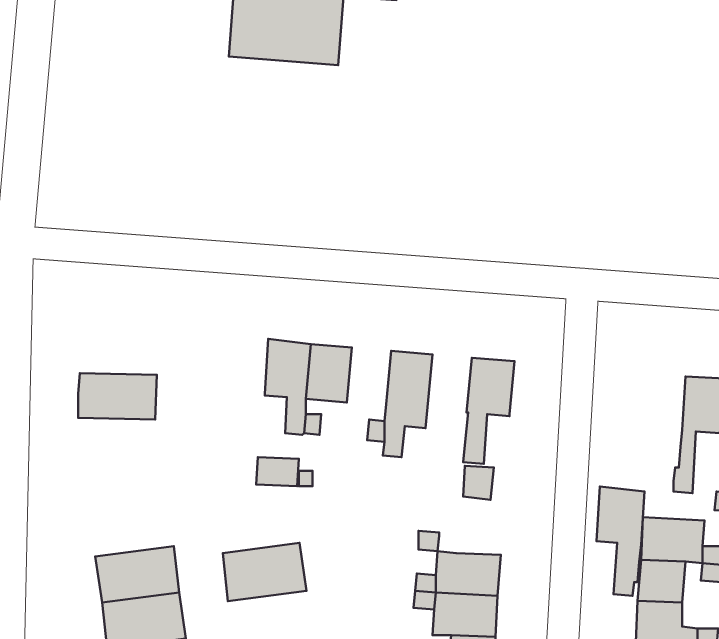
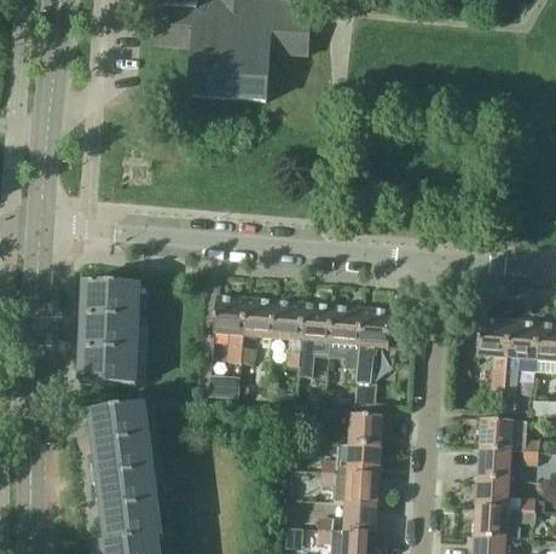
building: none -> [83,283,139,319]
building: none -> [272,300,303,340]
building: none -> [328,305,360,369]
building: none -> [81,350,137,386]
building: [597,486,644,596] -> [477,317,511,394]
building: none -> [349,415,382,446]
building: [223,543,307,601] -> [91,406,150,448]

